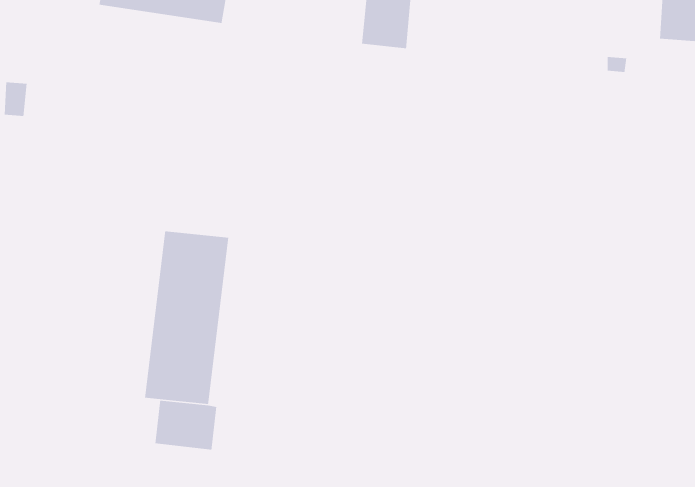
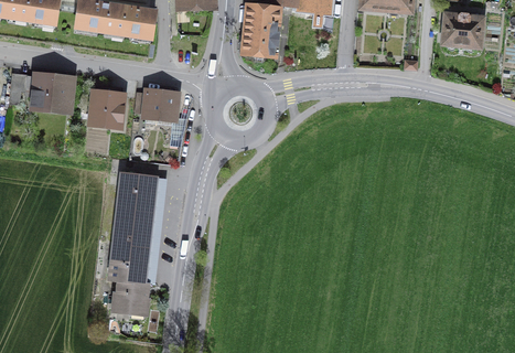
building: none -> [28,69,77,115]
building: none -> [87,88,127,129]
building: none -> [140,88,181,122]

